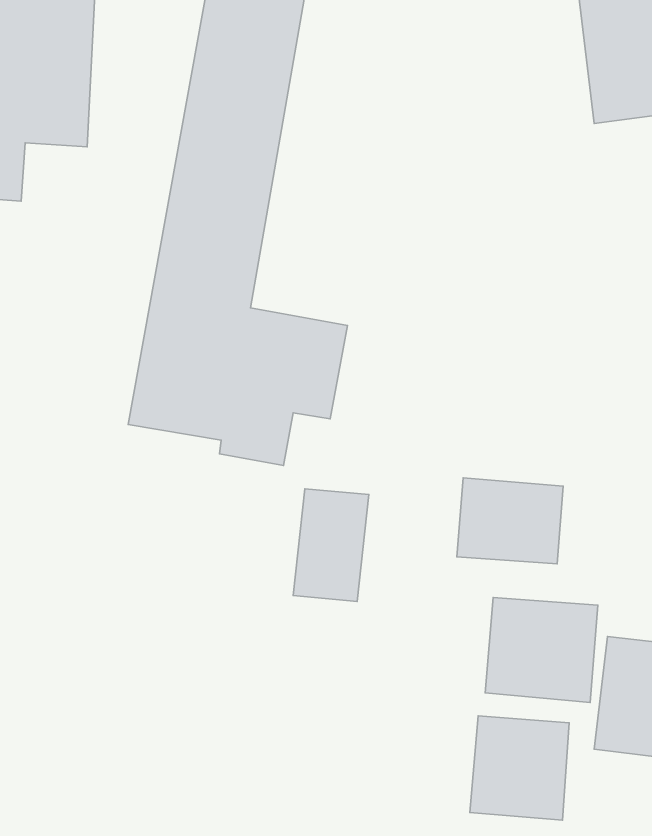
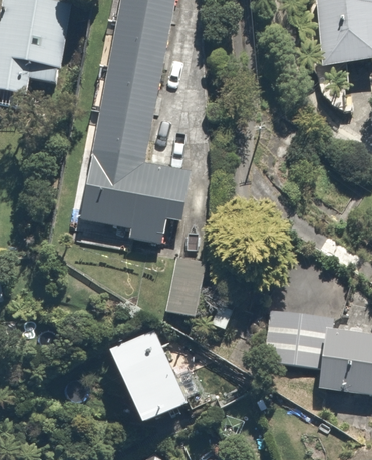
building: [457,478,563,564] -> none
building: none -> [109,328,193,430]
building: [470,716,569,820] -> none

